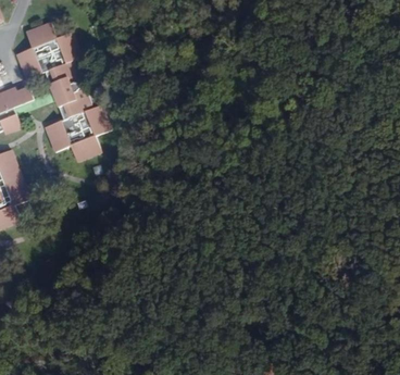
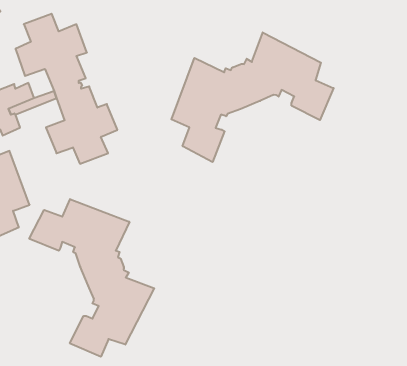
building: none -> [171,32,334,162]
building: none -> [29,199,154,357]

